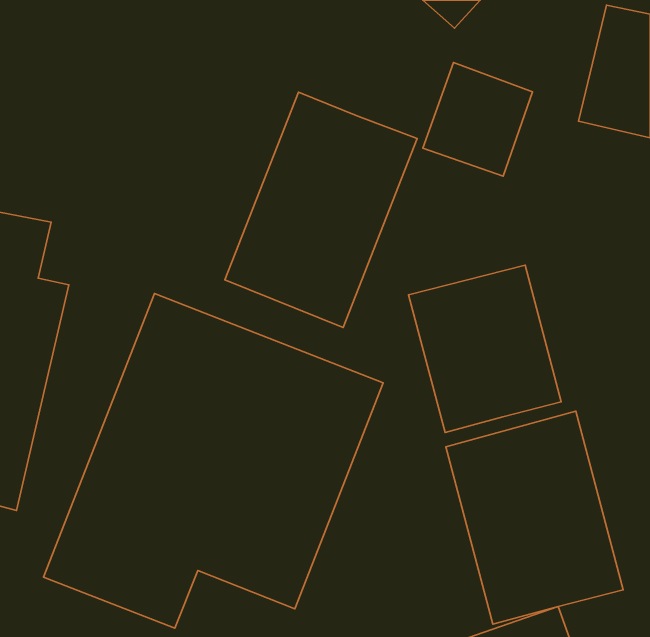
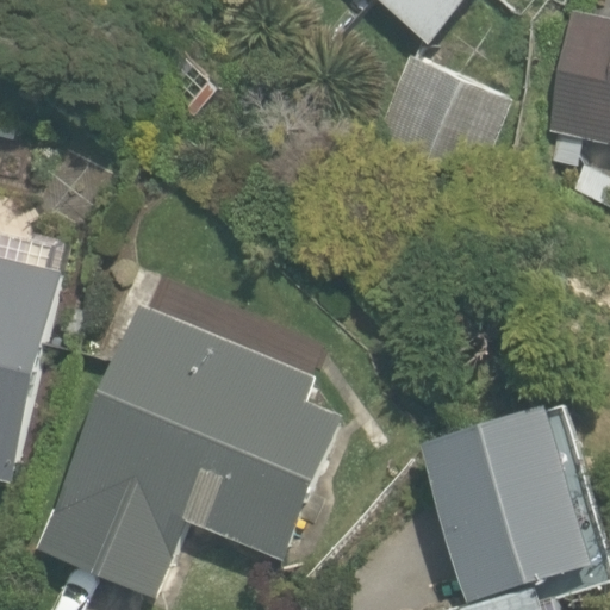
building: [225,92,417,328] -> none
building: [409,265,561,433] -> none

